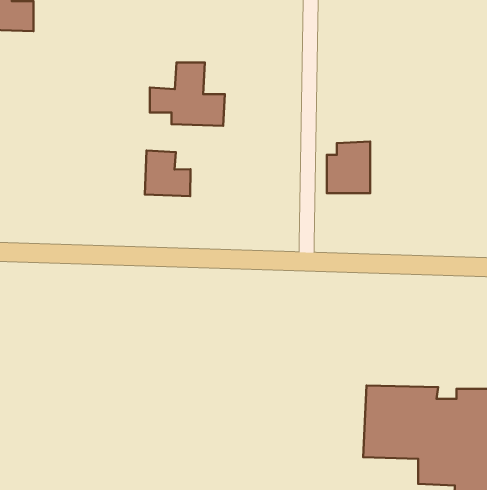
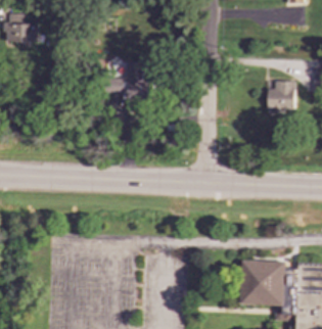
building: [327,141,370,193] -> [268,80,294,111]
building: [145,150,191,196] -> none

